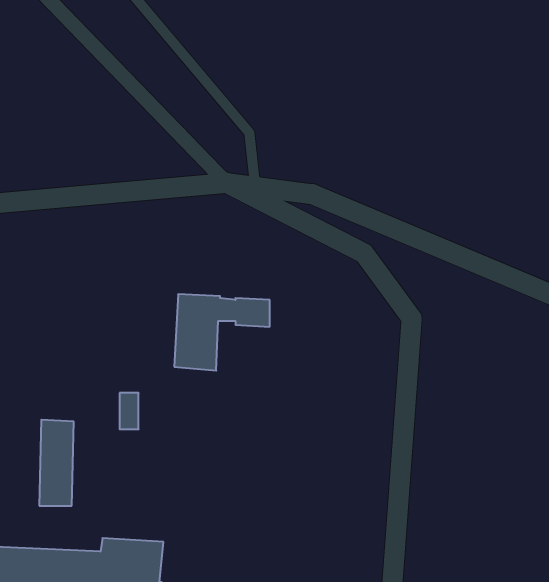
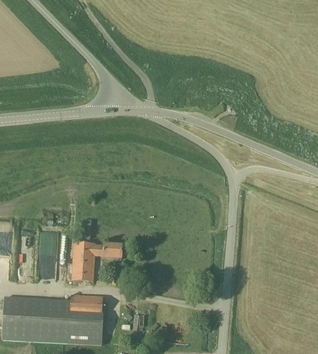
building: [174,294,270,371] -> [71,242,121,282]

